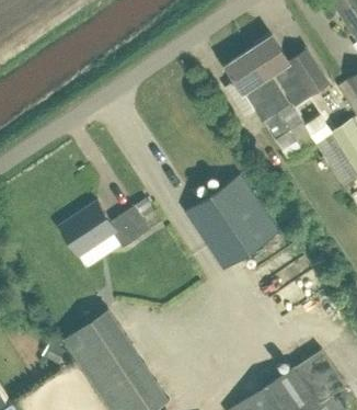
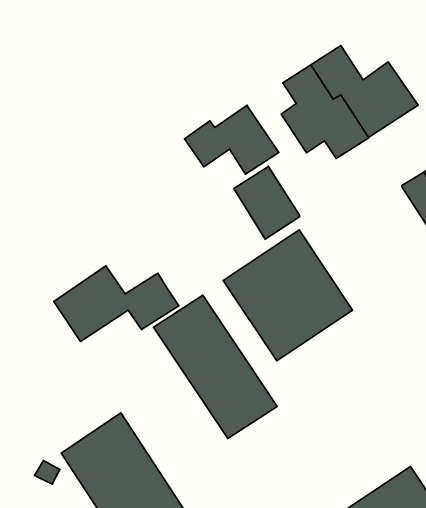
building: none -> [184,105,279,174]
building: [267,105,315,159] -> [234,166,299,239]
building: none -> [153,295,277,438]

